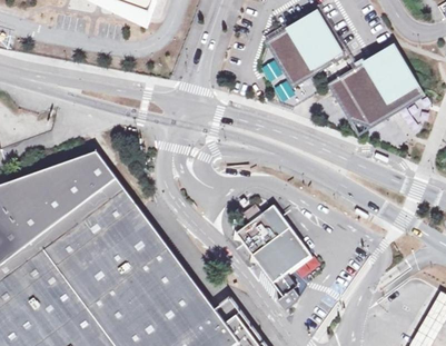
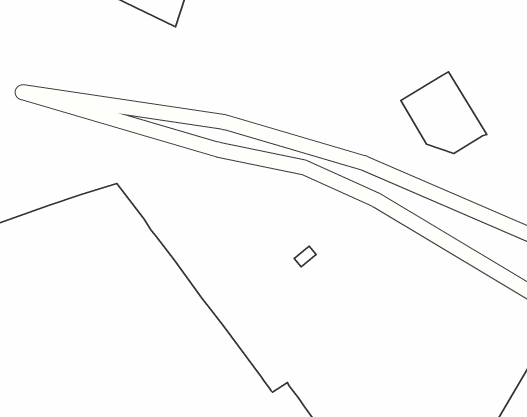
building: [266,10,345,87] -> none
building: [367,45,425,111] -> none
building: [236,205,309,309] -> none

